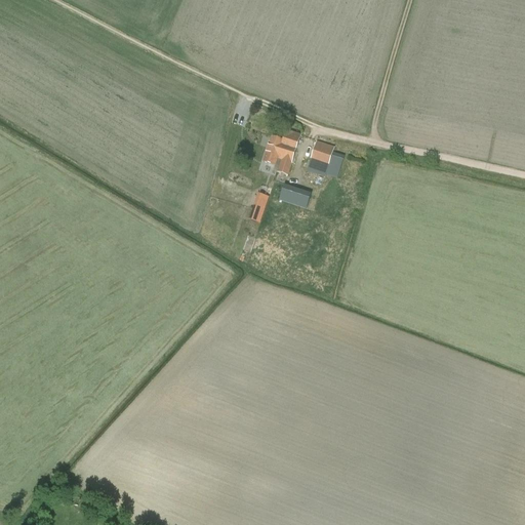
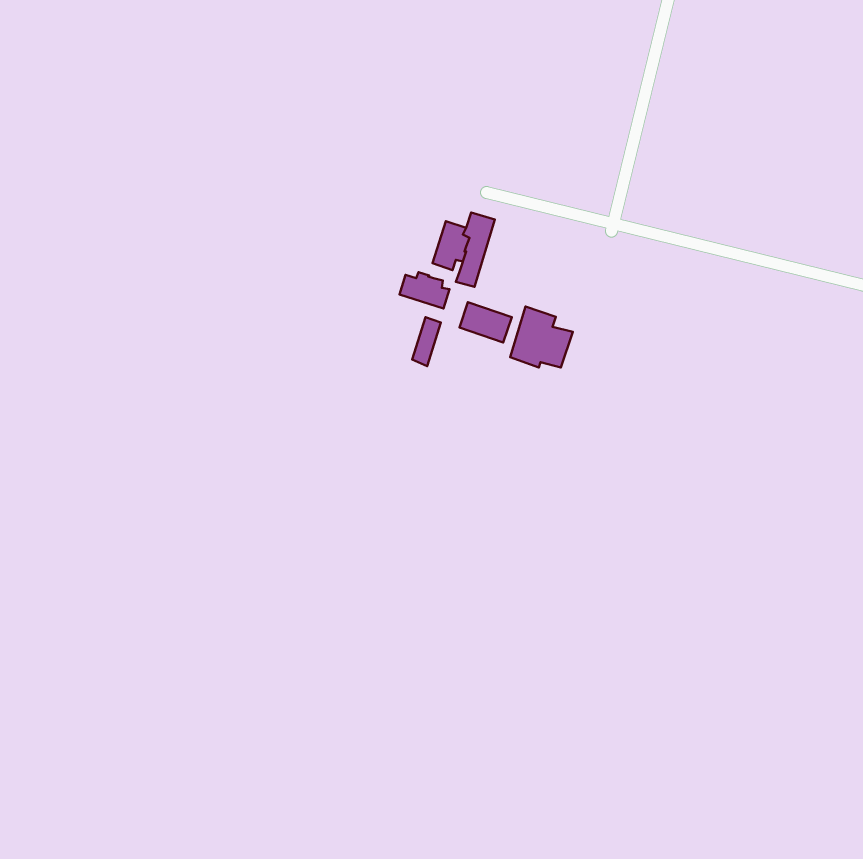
building: [307,139,345,176] -> [510,307,573,367]
building: none -> [400,272,450,309]

